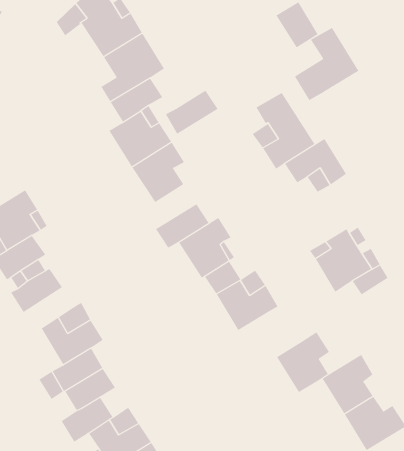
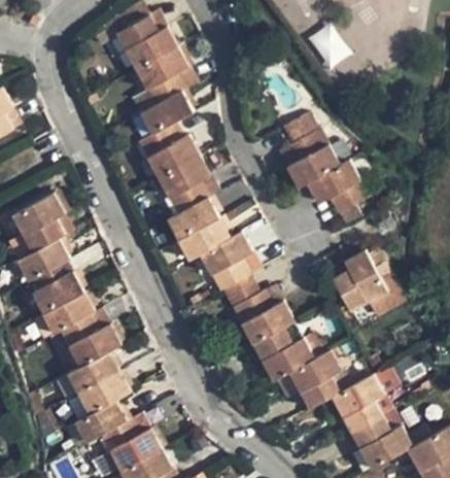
building: [294,27,359,101] -> none
building: [165,90,219,135] -> [168,198,220,240]
building: none -> [44,292,95,334]
building: none -> [253,328,314,380]

